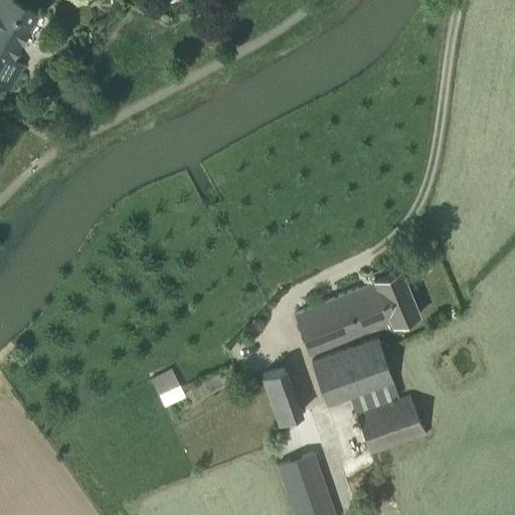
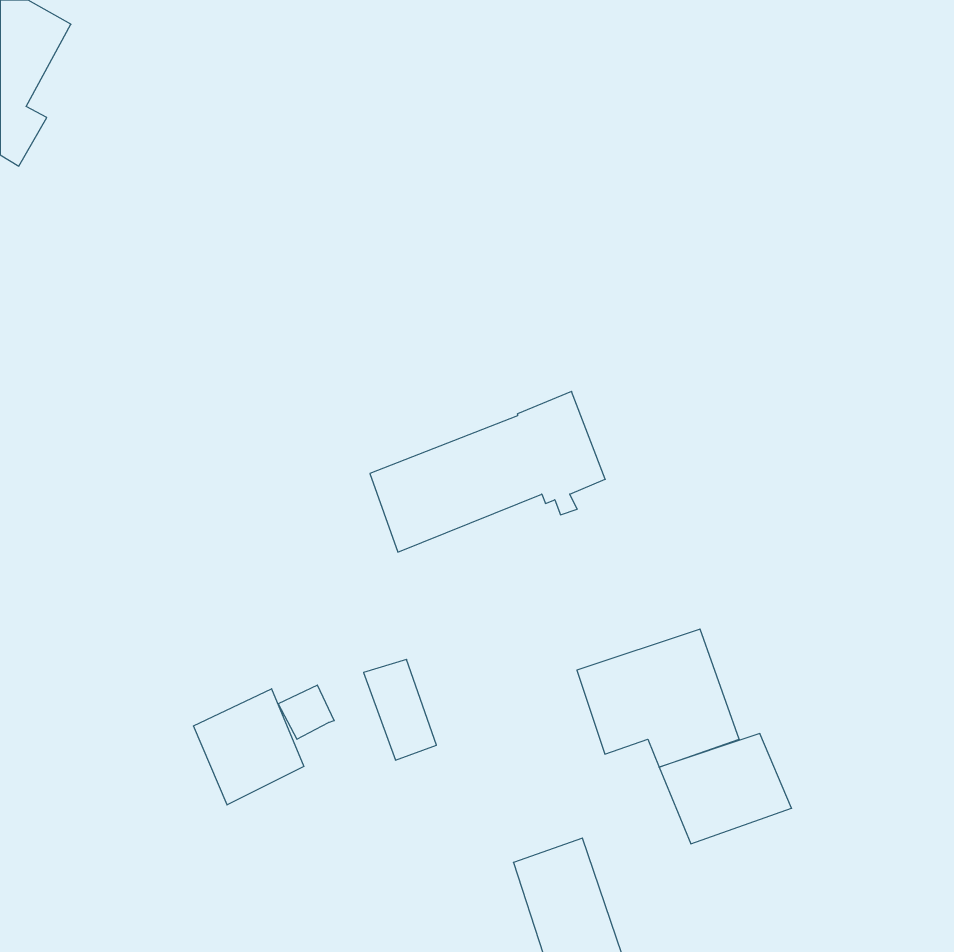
building: [294,270,420,356] -> [370,391,605,552]
building: [261,369,300,423] -> [364,659,436,760]
building: none -> [194,689,304,805]

